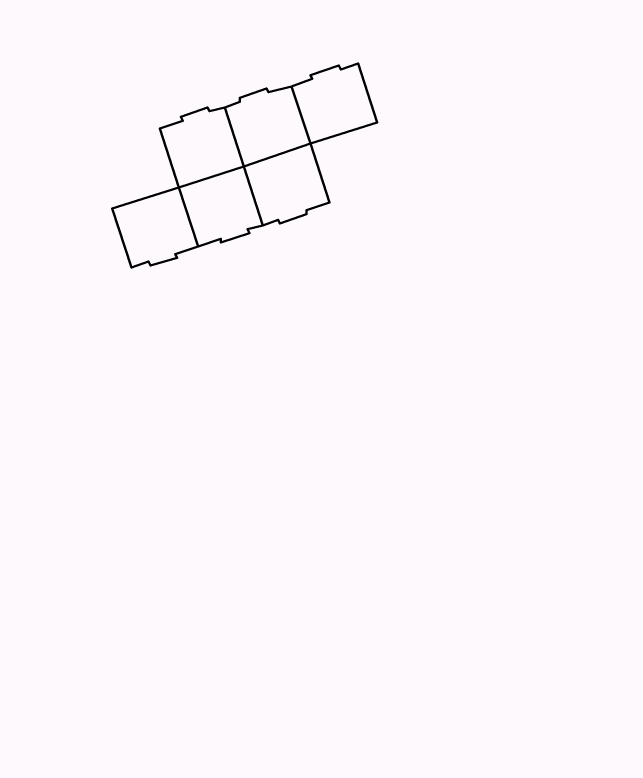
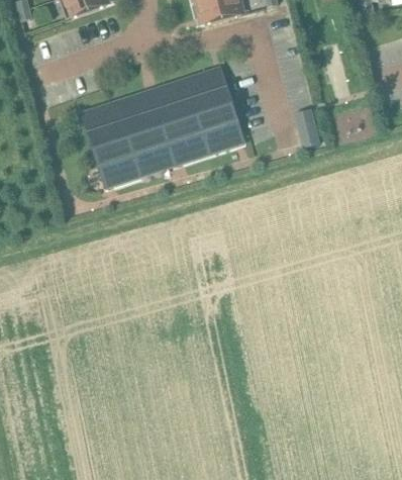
building: none -> [197,103,242,146]
building: none -> [82,106,127,149]
building: none -> [294,107,318,147]

